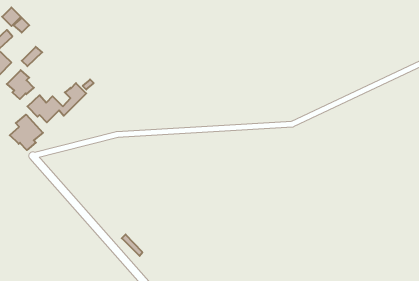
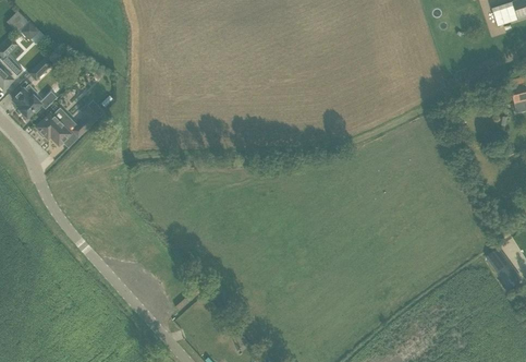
building: [10,115,43,150] -> none

